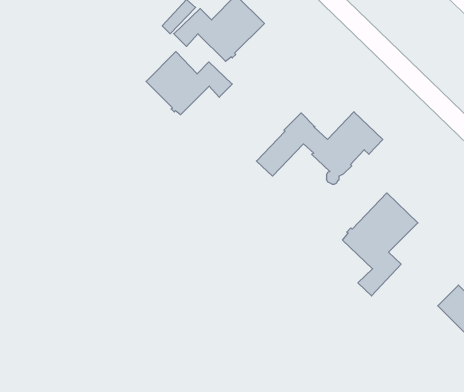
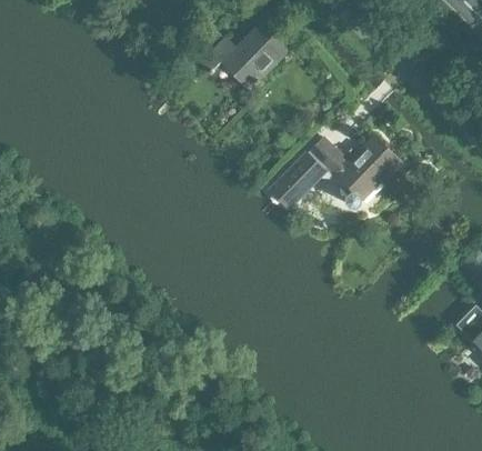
building: [146,52,232,115] -> none
building: [343,193,418,296] -> none

